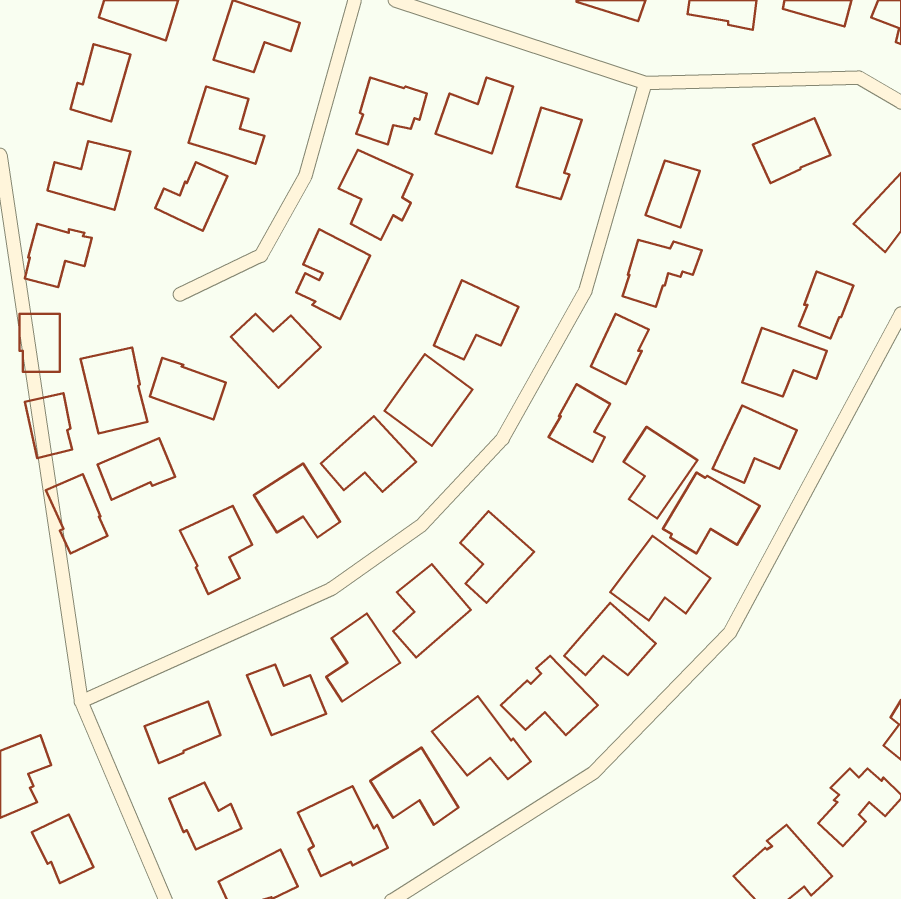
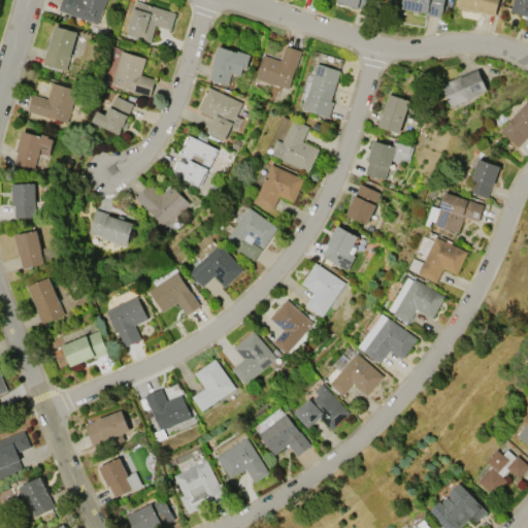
building: none -> [272,120,319,172]
building: [80,347,147,433] -> none
building: [624,427,698,518] -> [301,264,344,318]
building: [97,438,175,500] -> [62,331,107,367]

